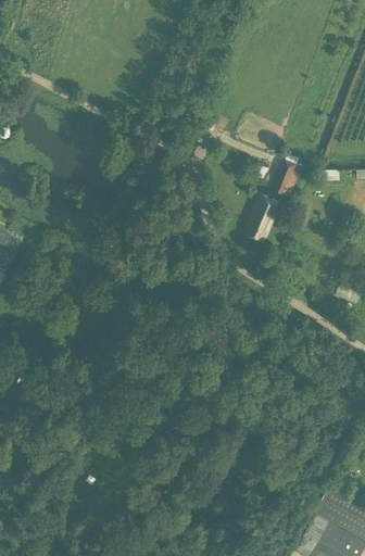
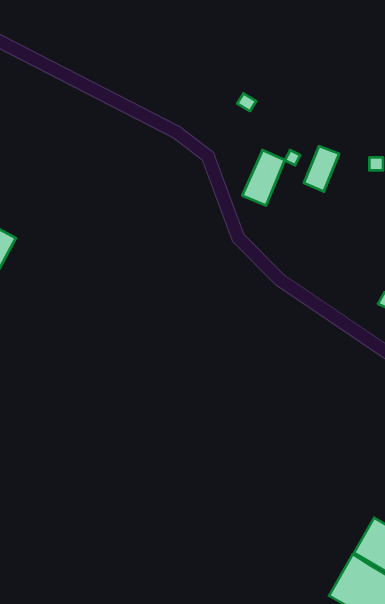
building: [241,193,278,241] -> [242,150,285,205]

